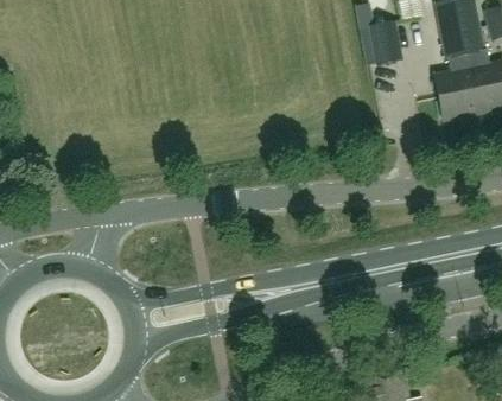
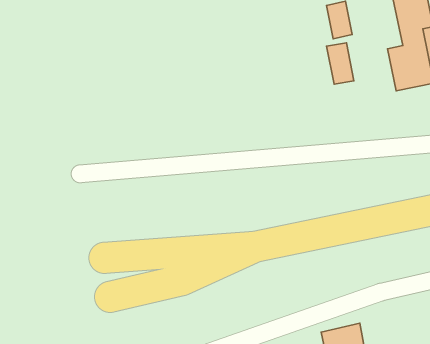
building: none -> [326,43,354,84]

